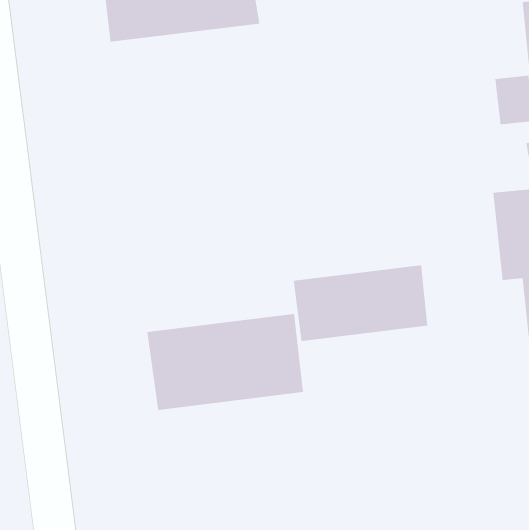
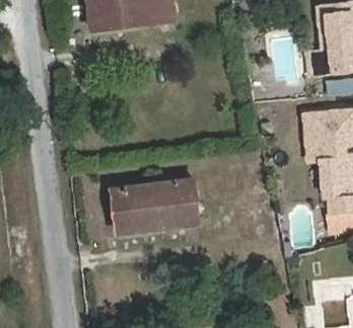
building: [293,264,428,342] -> none

